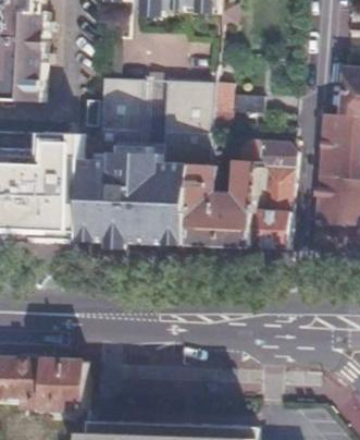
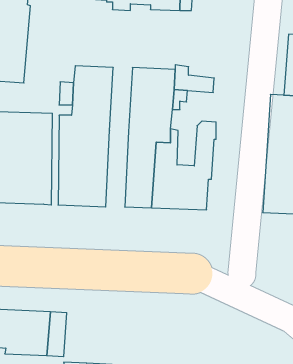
building: [250,145,296,247] -> none
building: [135,155,161,242] -> none

